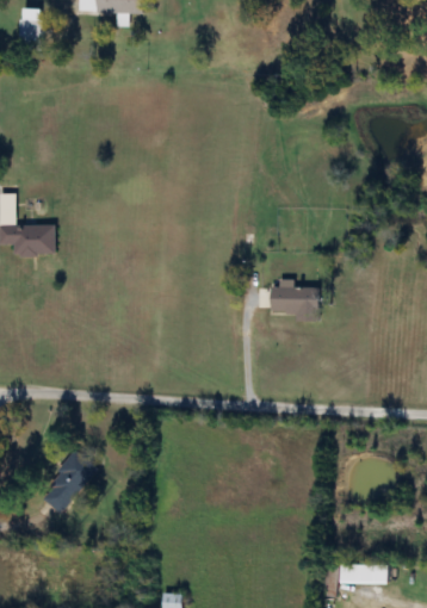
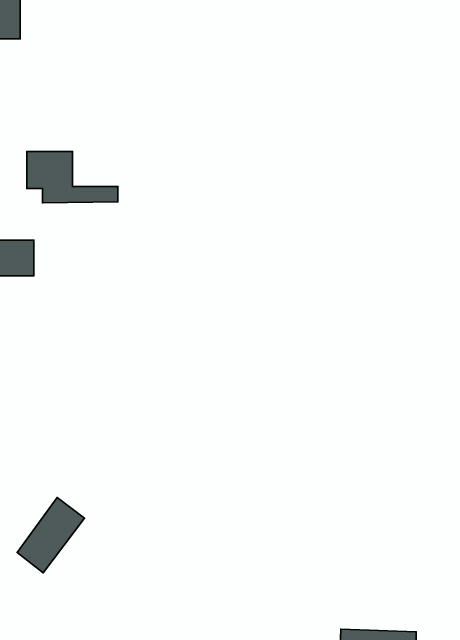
building: none -> [27,152,118,203]
building: [270,285,316,319] -> none

